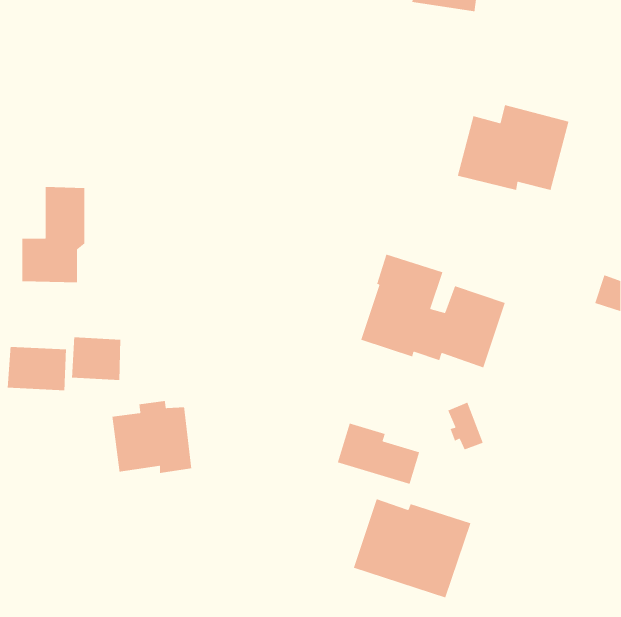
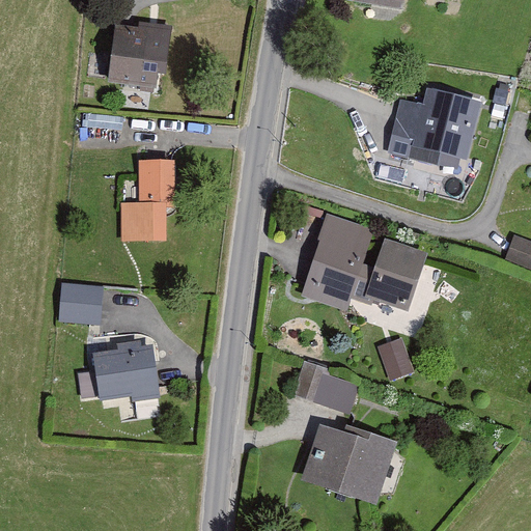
building: none -> [105,17,167,85]
building: [22,186,85,283] -> [119,159,173,241]
building: [7,346,67,391] -> none

